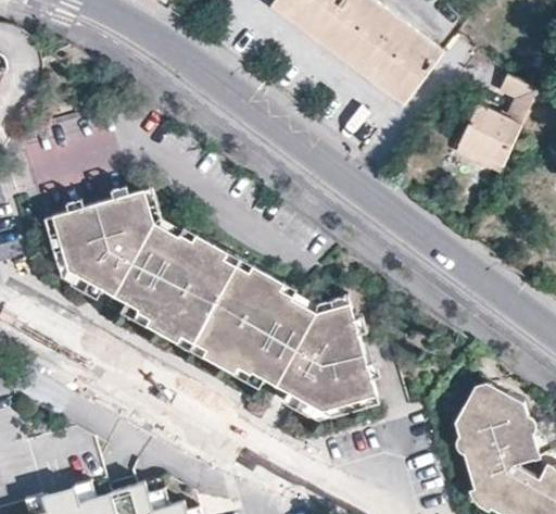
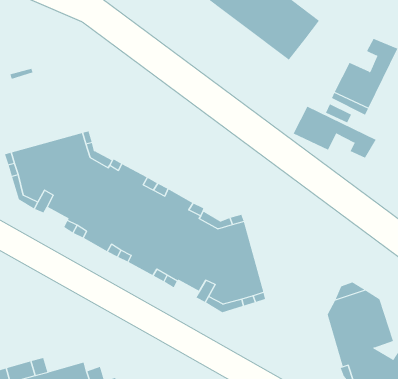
building: none -> [293,106,377,158]

